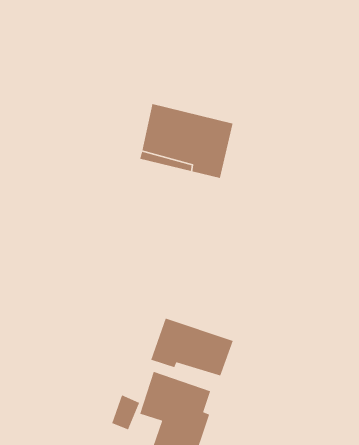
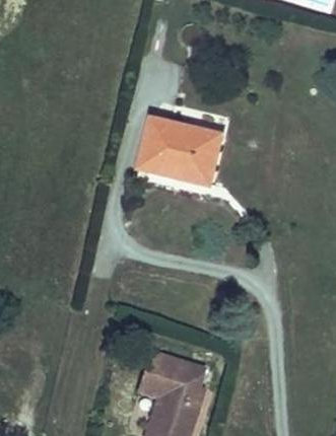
building: [150,317,234,377] -> none

